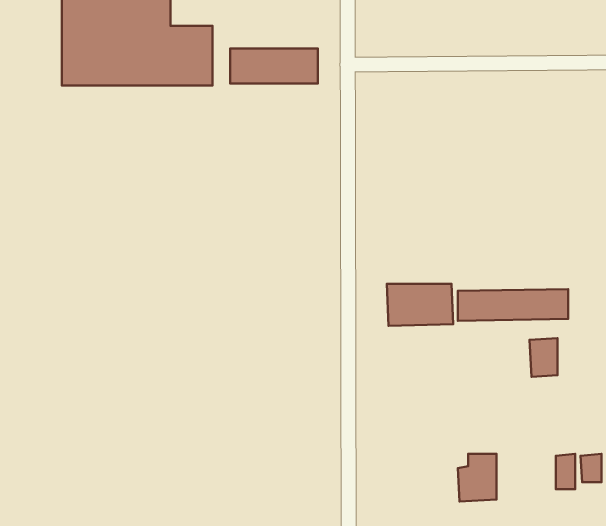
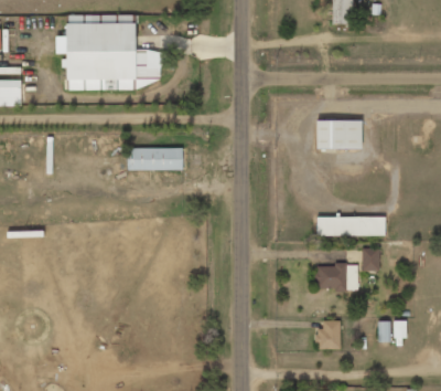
building: [230,48,318,83] -> [128,148,183,170]
building: none -> [316,120,363,149]
building: [387,284,453,326] -> [316,265,358,292]

